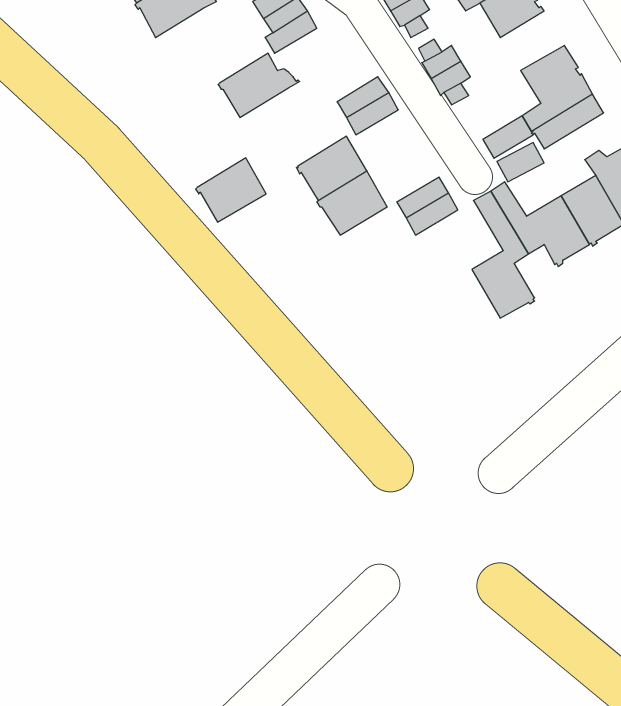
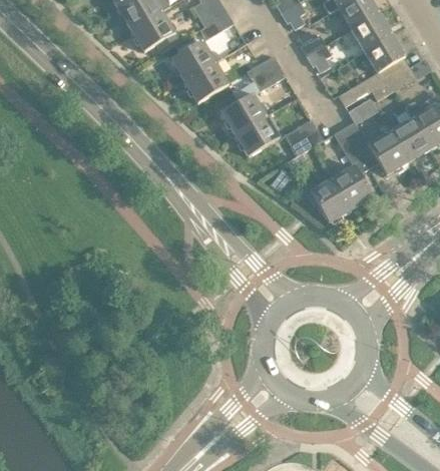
building: none -> [130,10,180,52]
building: none -> [351,12,392,50]
building: [196,158,266,222] -> [183,61,229,102]
building: none -> [310,177,351,222]

